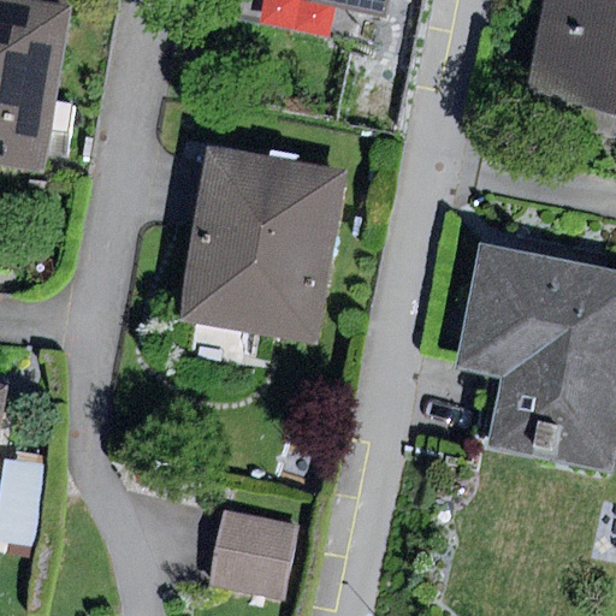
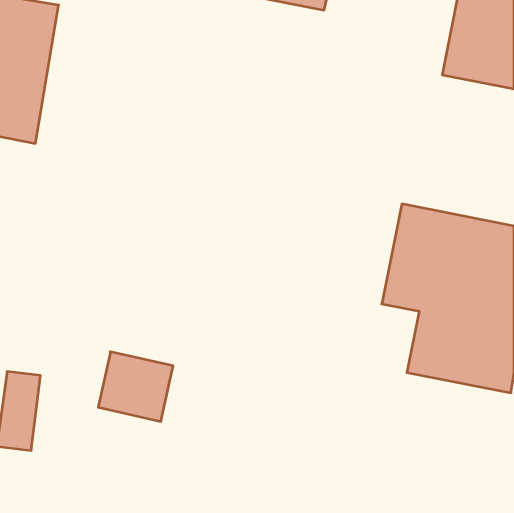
building: [180,150,346,342] -> none
building: [211,509,300,592] -> [98,352,173,421]

